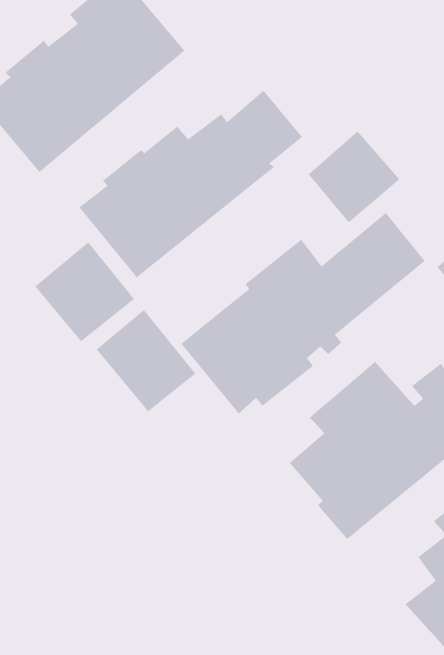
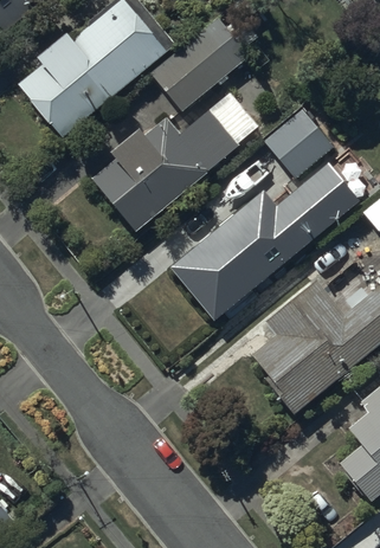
building: none -> [153,14,246,102]
building: [34,241,135,342] -> none
building: [96,309,196,412] -> none

